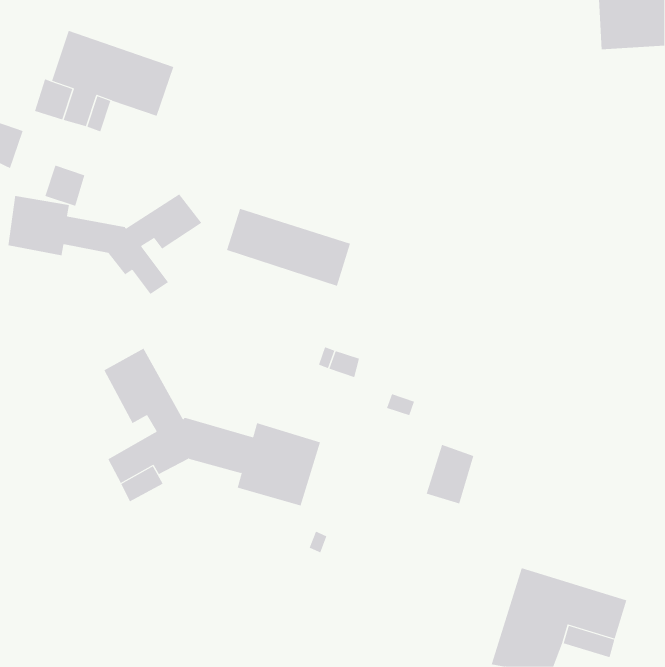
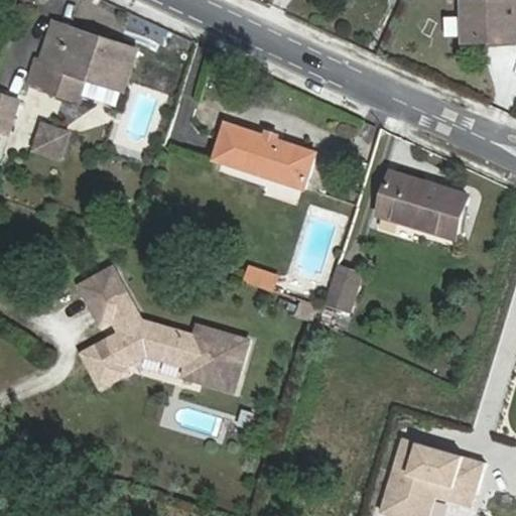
building: [8,193,202,295] -> none
building: [226,208,351,287] -> [216,127,311,187]
building: none -> [377,171,468,238]
building: [426,444,474,504] -> [324,265,361,311]

